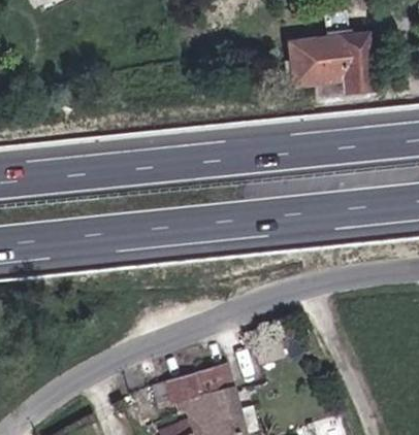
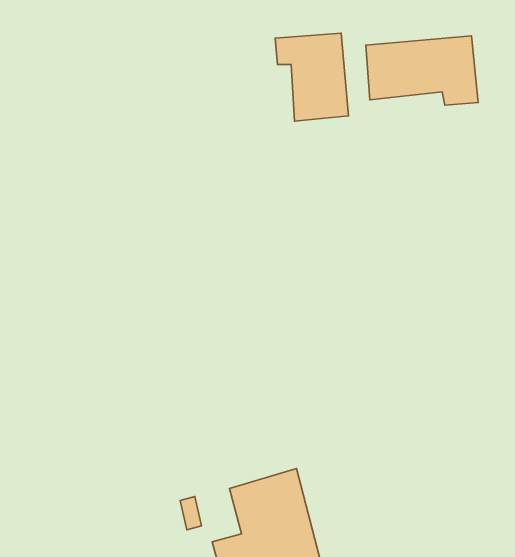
building: none -> [275,33,349,121]

